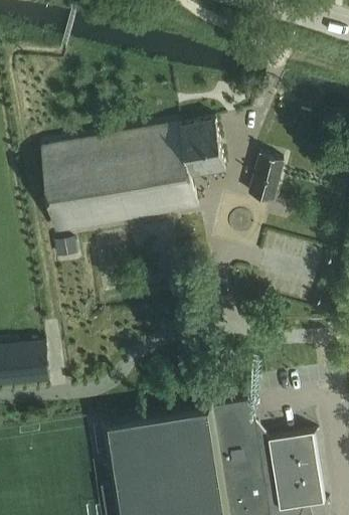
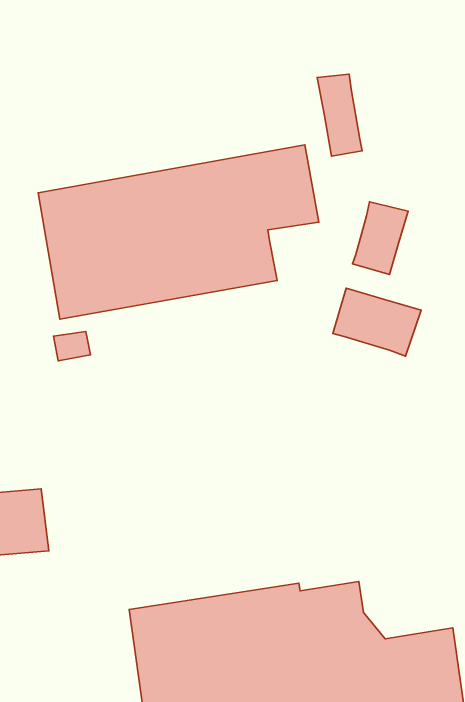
building: none -> [317,74,362,156]
building: none -> [333,288,421,356]

